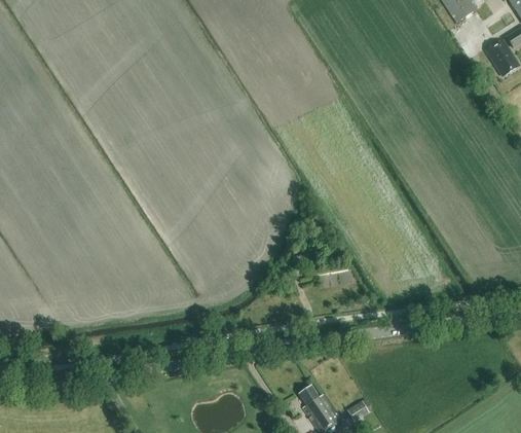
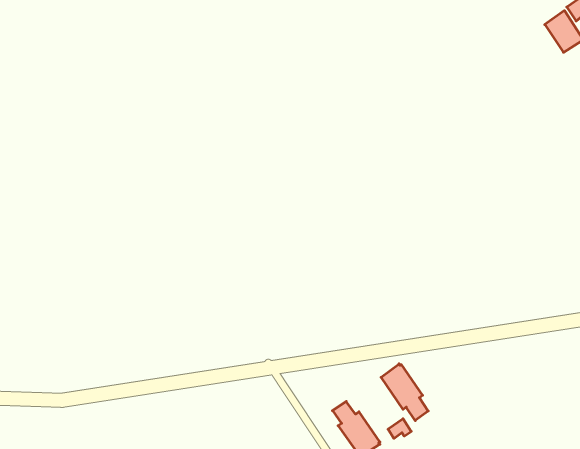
building: none -> [381,364,428,421]

